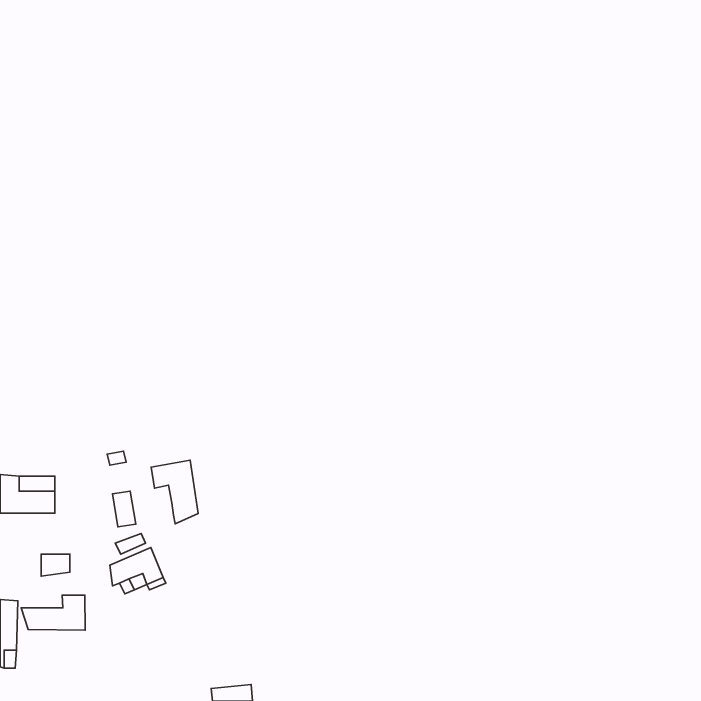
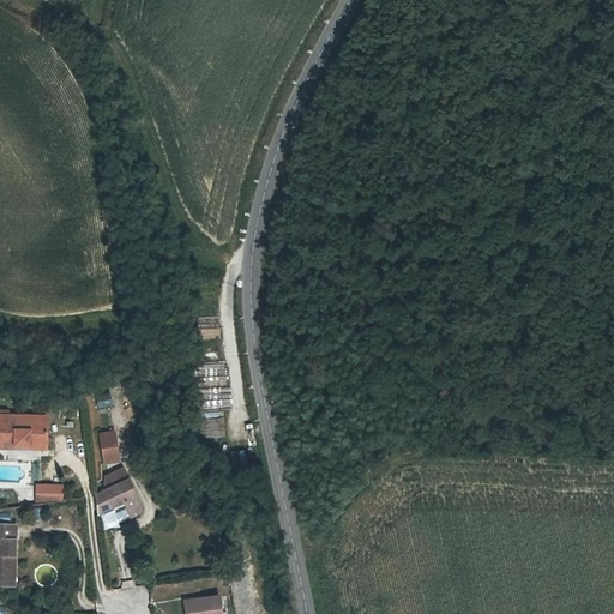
building: [151,460,198,524] -> none
building: [21,595,85,630] -> none

